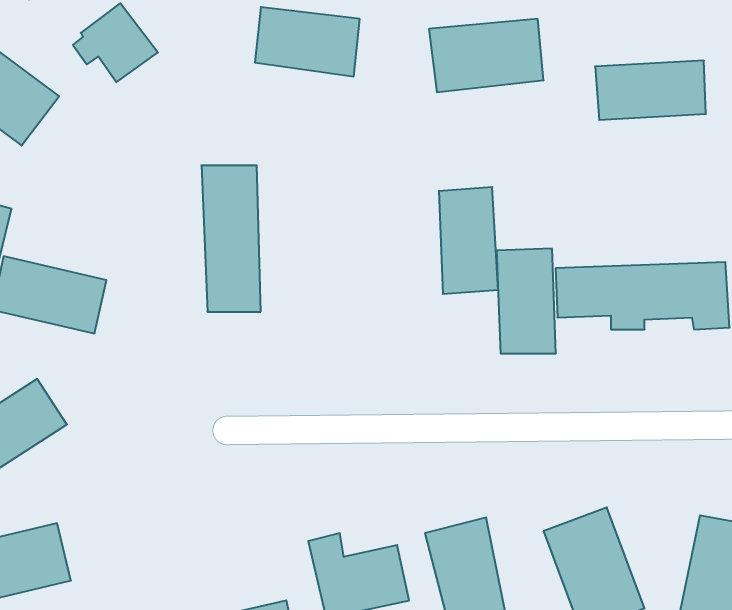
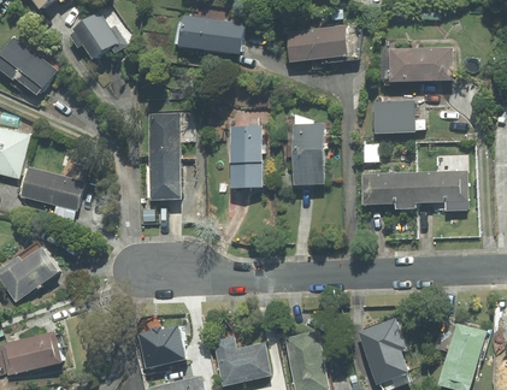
building: none -> [371,100,415,134]
building: [497,249,556,353] -> [228,123,264,187]
building: none -> [130,325,178,368]

